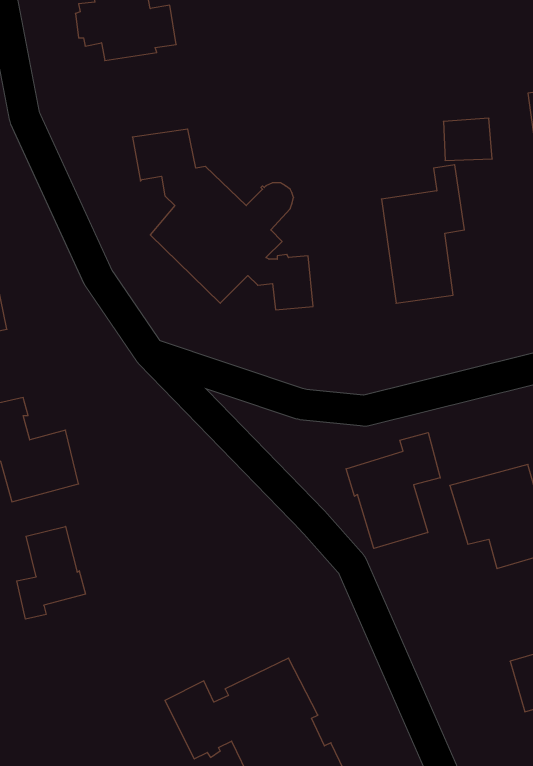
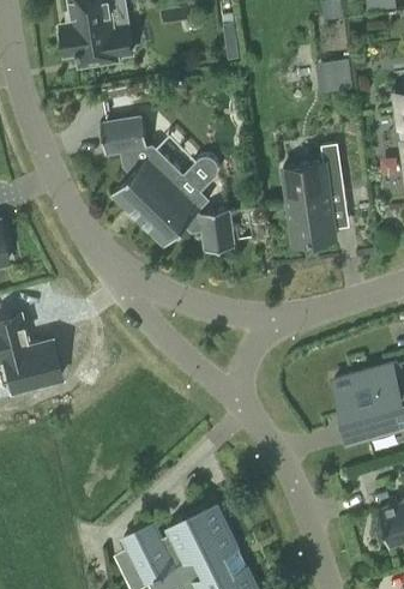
building: [443,118,492,160] -> [316,60,352,91]
building: [346,433,440,548] -> none
building: [17,526,85,619] -> none

